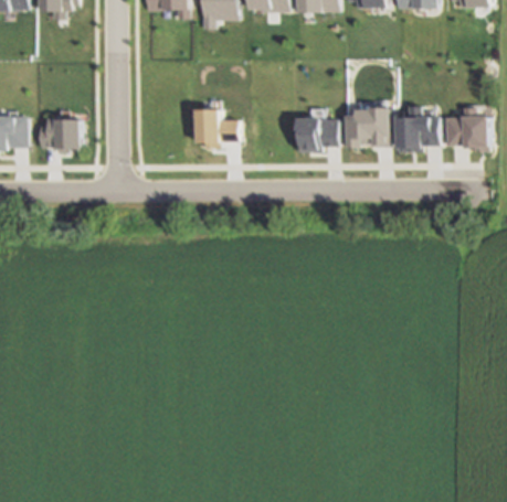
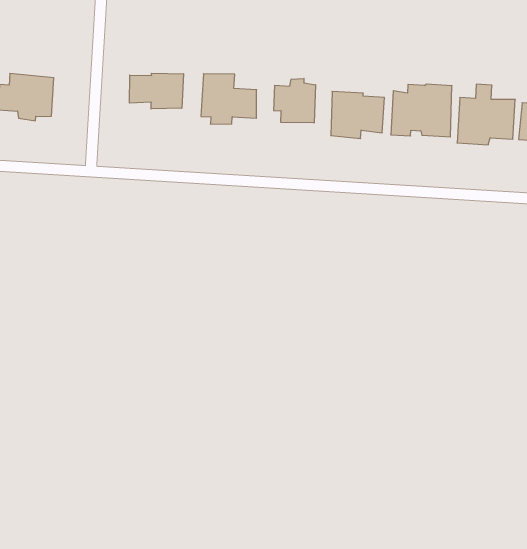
building: none -> [274,78,316,123]
building: none -> [129,73,184,109]

